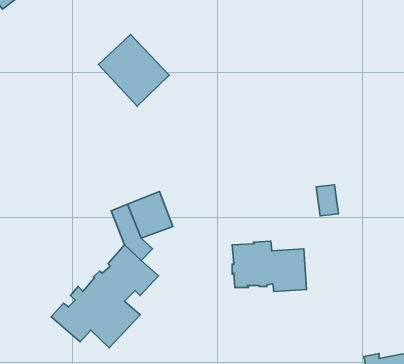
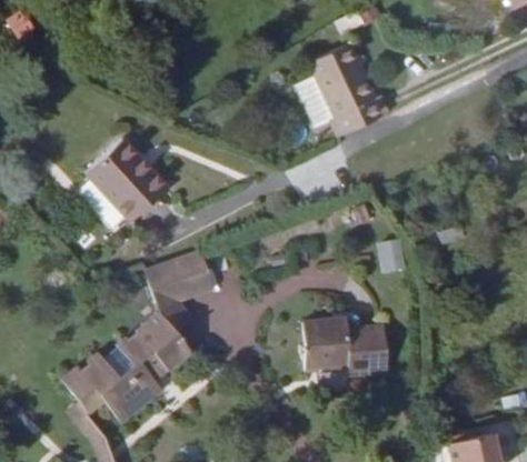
building: none -> [311,47,388,137]
building: [98,34,169,106] -> [80,141,161,223]

